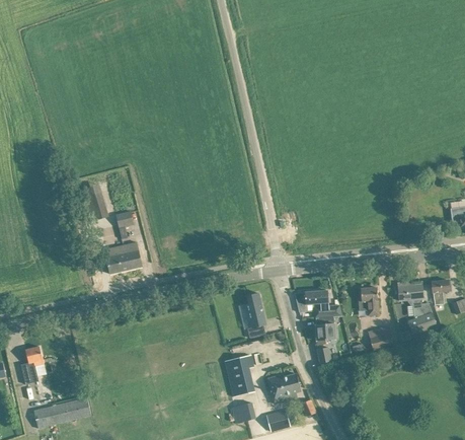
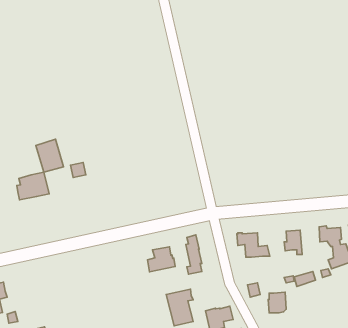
building: [105,241,142,273] -> [17,172,49,200]
building: none -> [147,247,175,272]
building: [314,316,334,340] -> [268,292,286,313]

